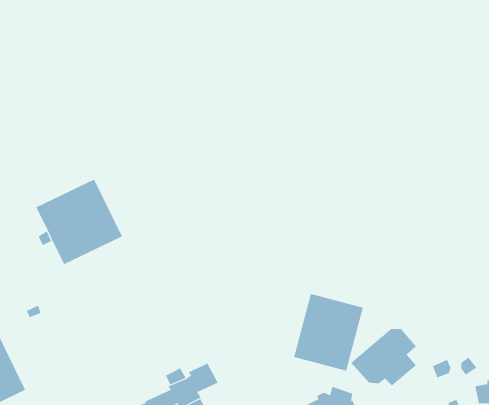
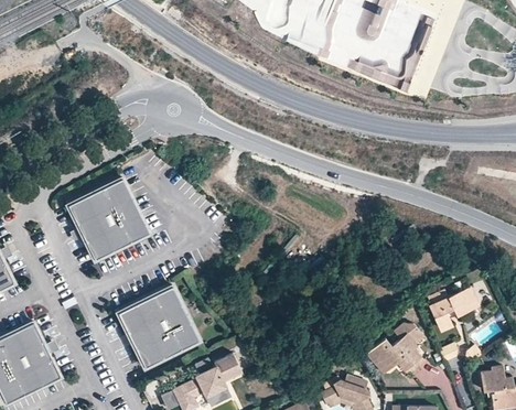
building: none -> [120,287,202,368]
building: [294,293,363,371] -> none
building: none -> [430,291,476,333]

